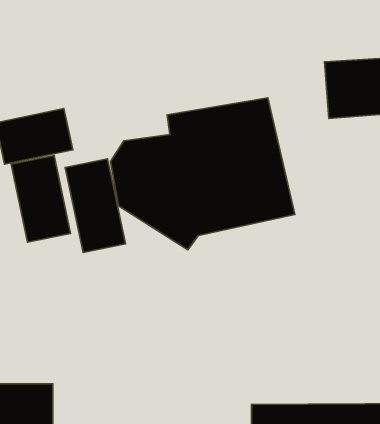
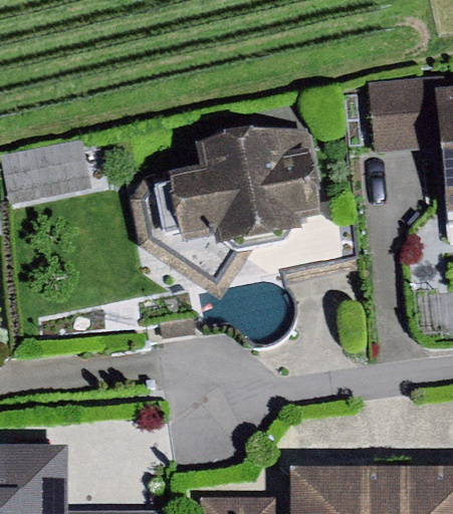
building: [11,156,70,242] -> none
building: [65,159,126,253] -> none

